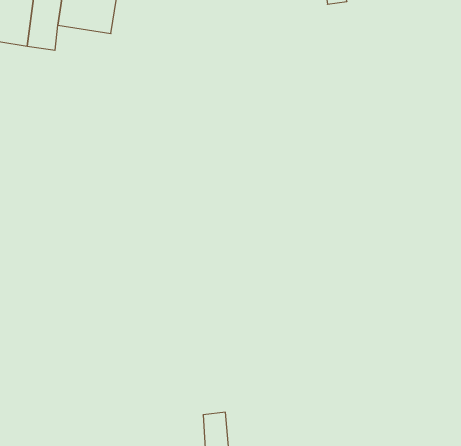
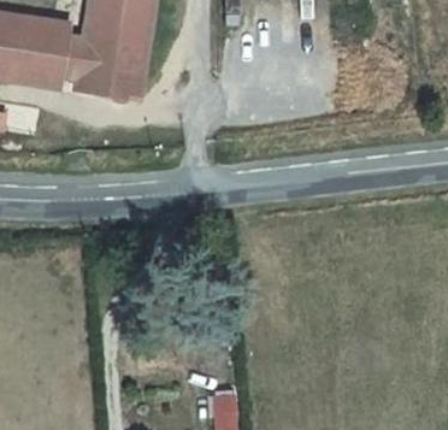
building: none -> [84,60,135,98]

